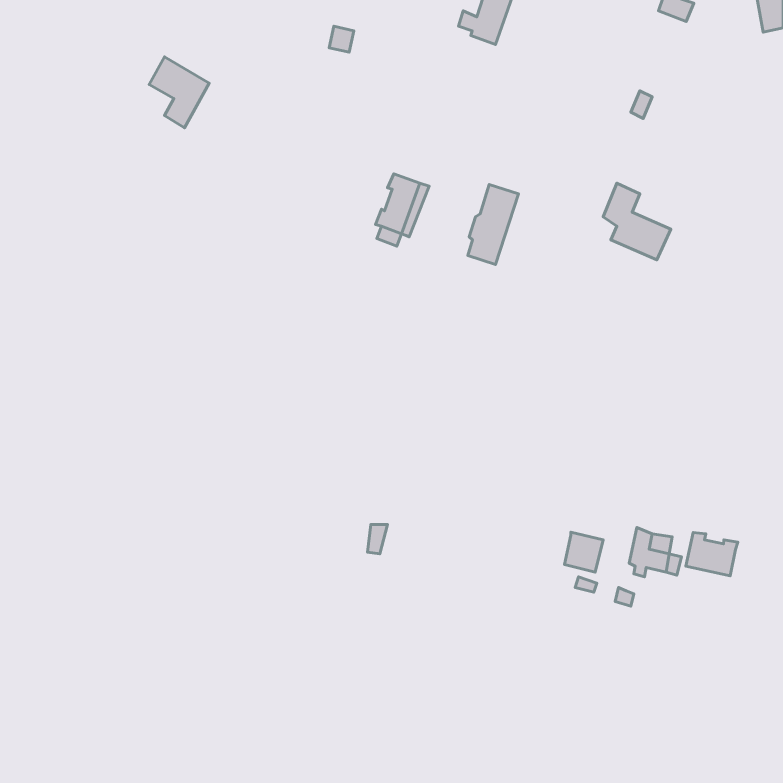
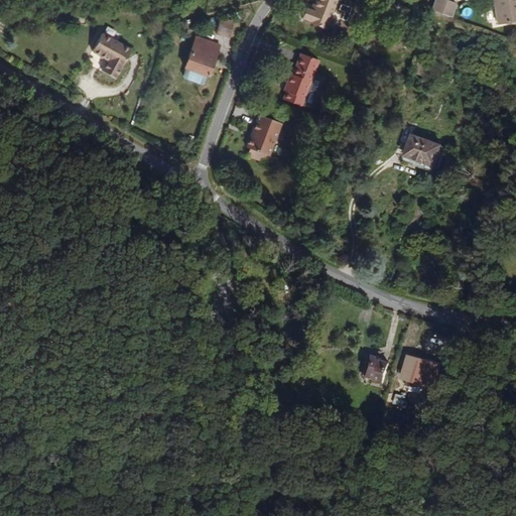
building: none -> [182,35,217,85]
building: [468,185,518,265] -> [284,52,317,105]
building: [686,532,738,576] -> none

